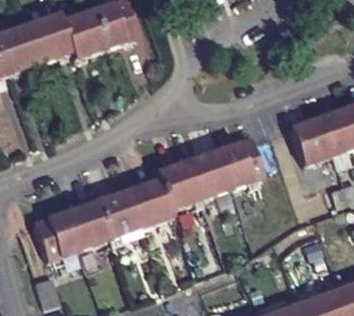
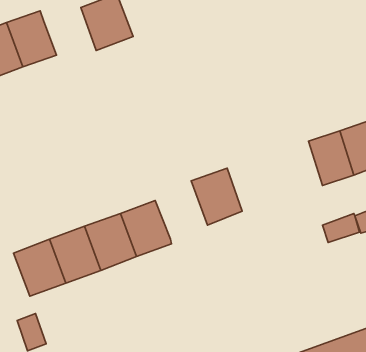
building: [62,11,108,59] -> none
building: [221,138,267,187] -> none
building: [158,161,204,211] -> none

